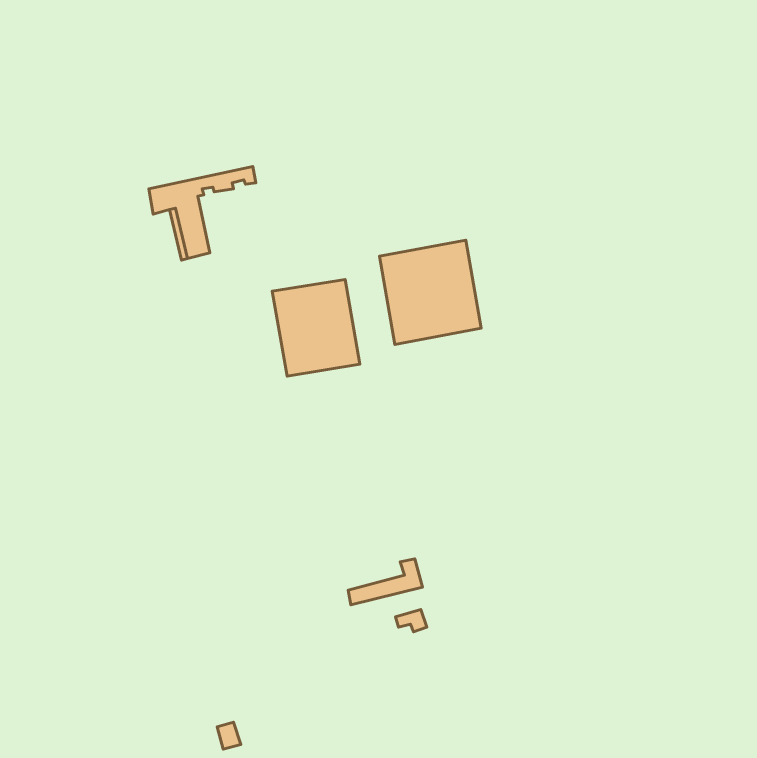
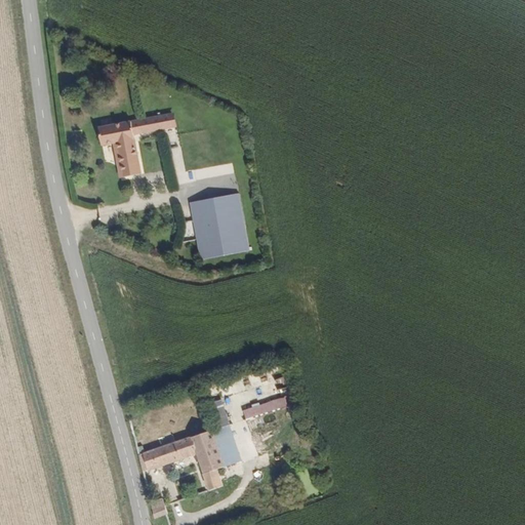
building: [379,240,481,344] -> none
building: none -> [138,423,239,490]

